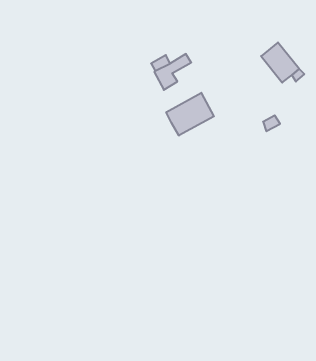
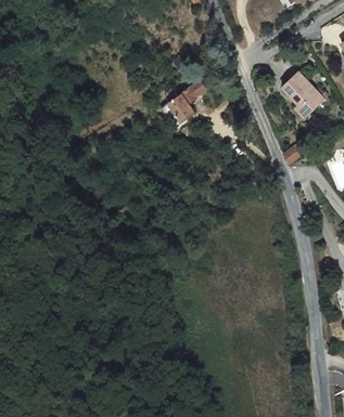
building: [166,93,214,136] -> none

